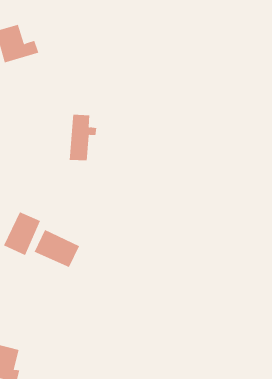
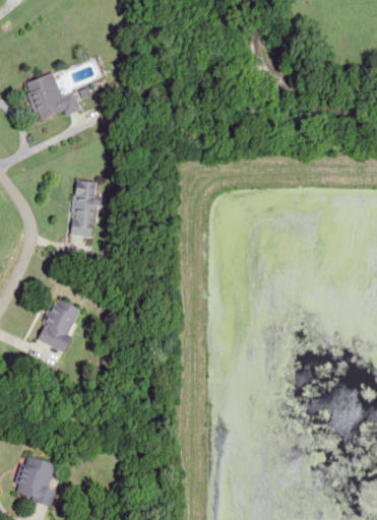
building: [69,114,97,161] -> [71,181,105,237]
building: [34,229,80,268] -> none

